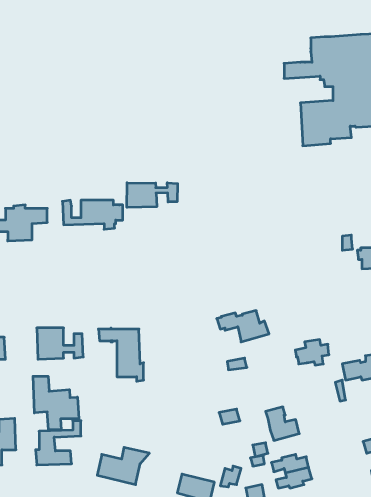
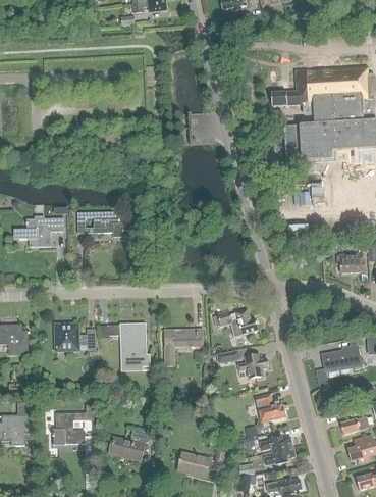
building: [127,183,178,207] -> none
building: none -> [164,329,203,365]
building: [295,340,329,365] -> [237,354,267,377]
building: [33,376,79,430] -> none

